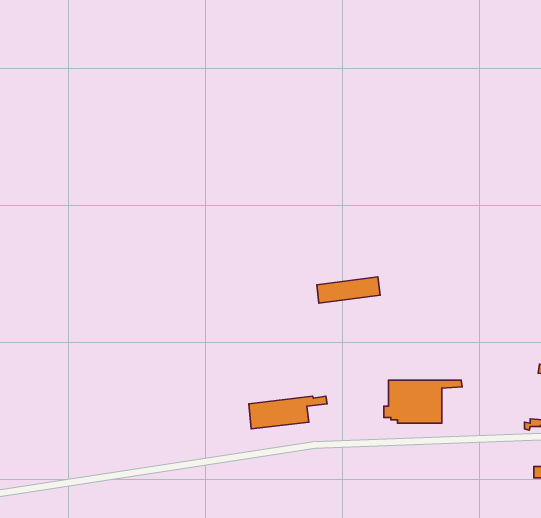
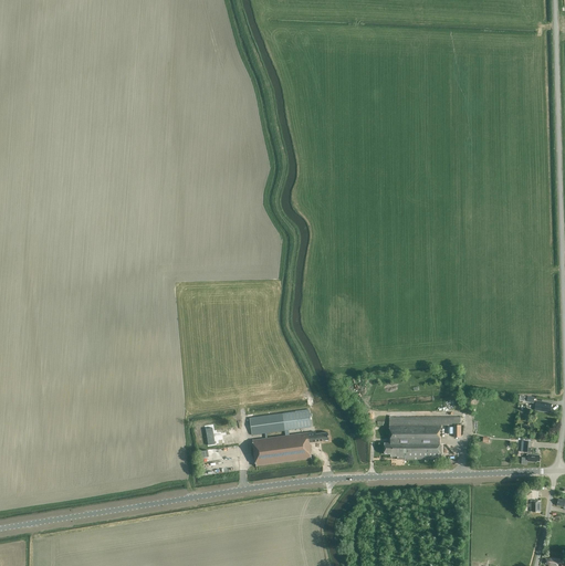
building: [317,277,380,303] -> [249,408,311,433]

